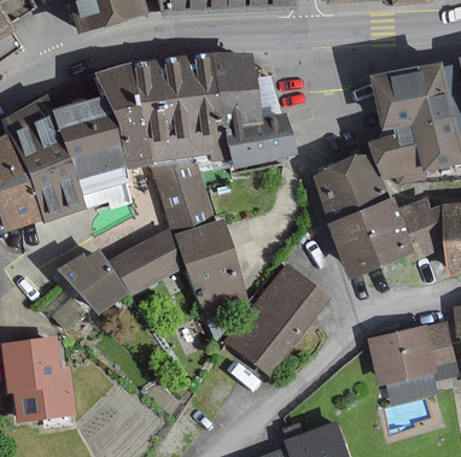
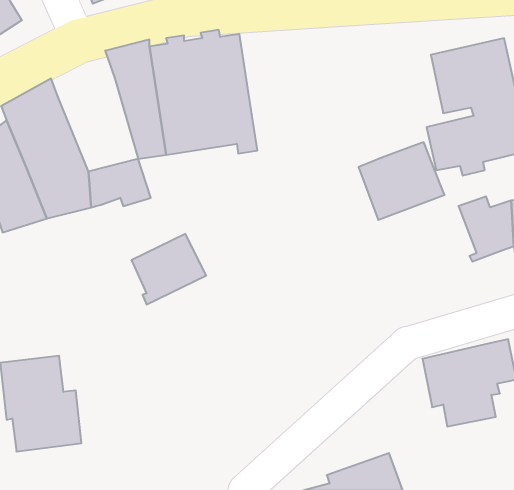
building: [209,52,290,166] -> none
building: [52,98,122,178] -> none
building: [152,165,246,318] -> none
building: [331,197,416,274] -> none
building: [62,254,126,314] -> none
building: [227,265,327,373] -> none

